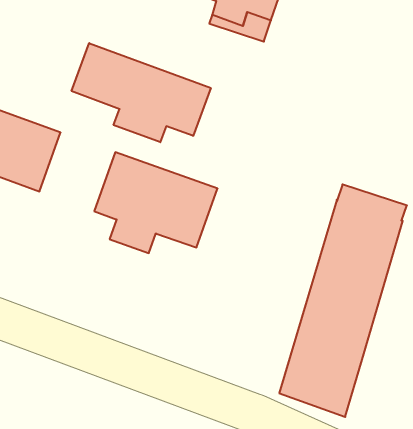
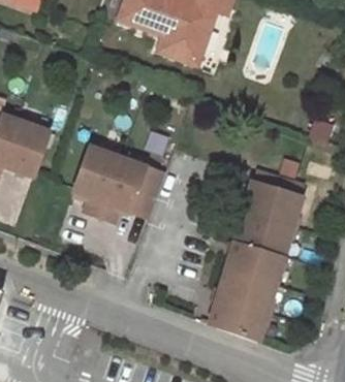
building: [72,43,211,142] -> none

